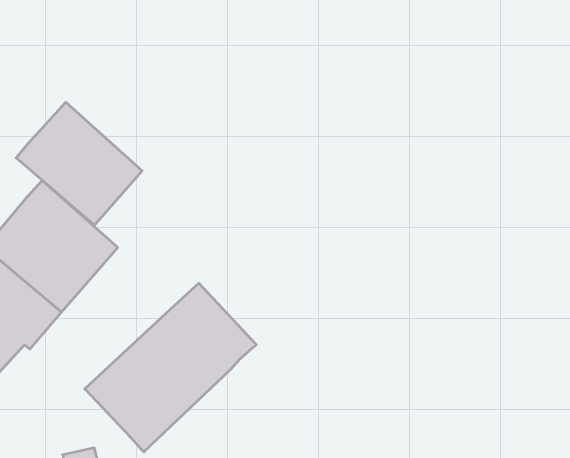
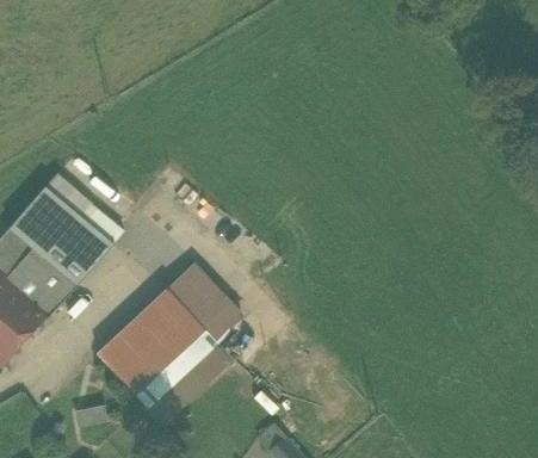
building: [16,102,142,225] -> none

